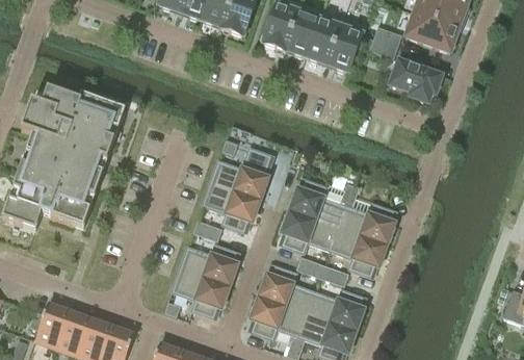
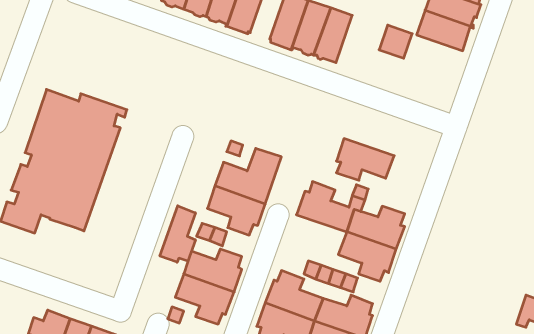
building: [328,19,365,72] -> none
building: [390,61,441,103] -> none
building: none -> [160,206,195,262]
building: [282,212,338,253] -> [336,139,394,180]

